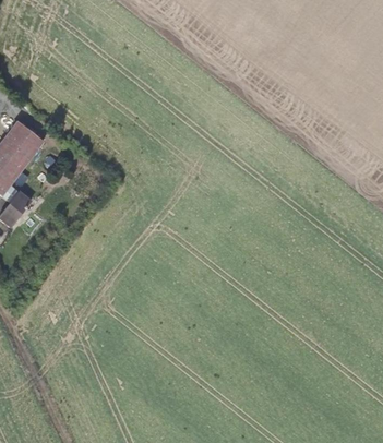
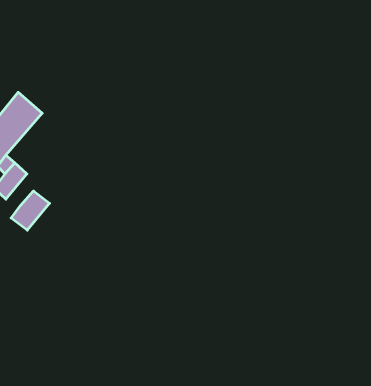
building: none -> [11,191,50,230]

